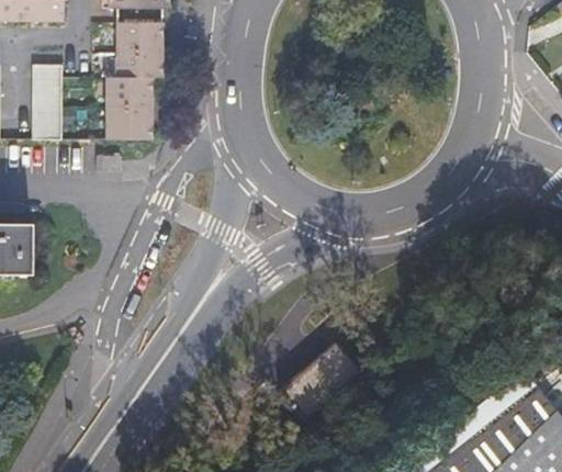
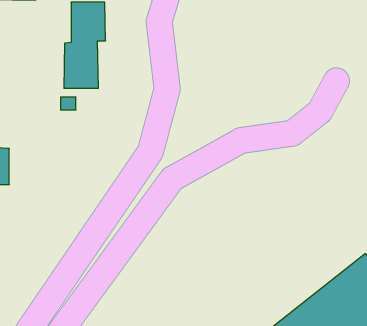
building: [34,68,60,143] -> none
building: [284,345,364,420] -> none

